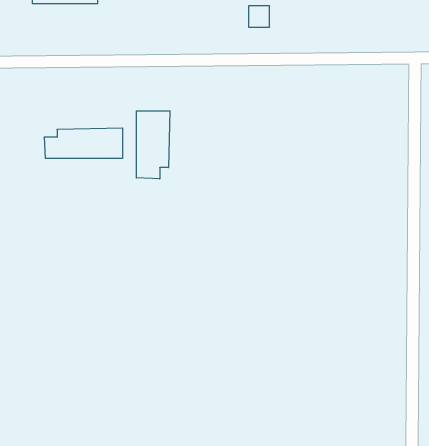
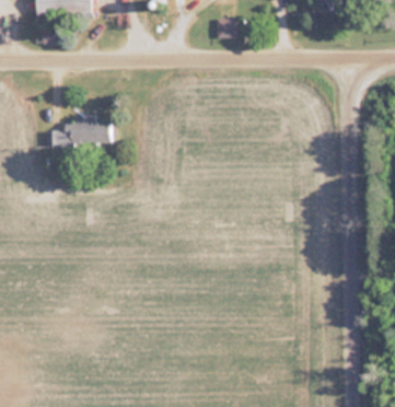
building: [136,111,170,179] -> none

